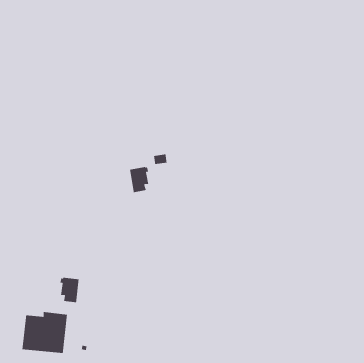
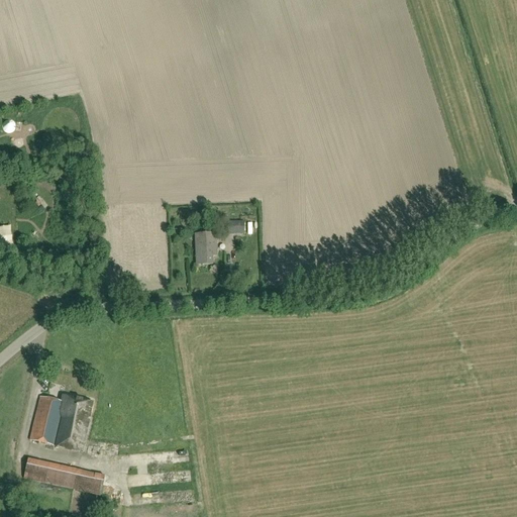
building: [59,277,79,303] -> none

